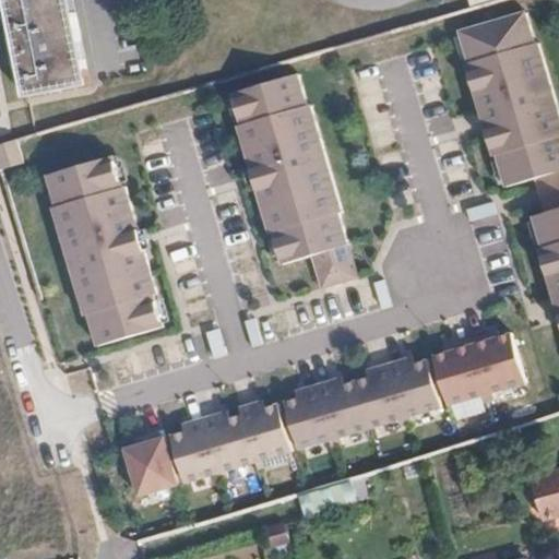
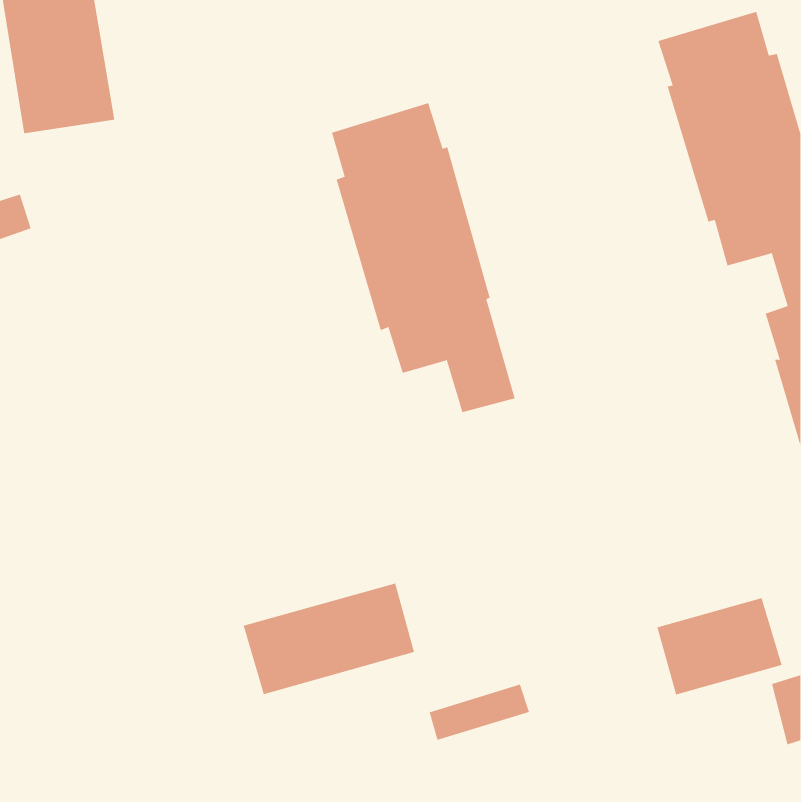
building: [43,152,159,340] -> none
building: [435,338,522,406] -> [656,597,783,695]
building: [283,361,438,449] -> none
building: [122,436,176,495] -> none

